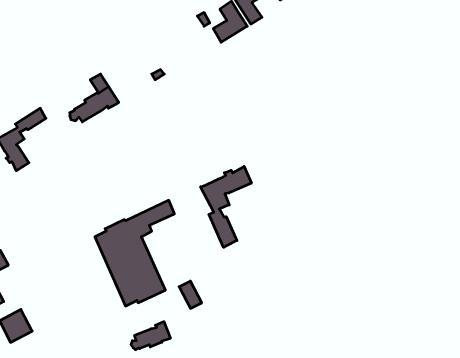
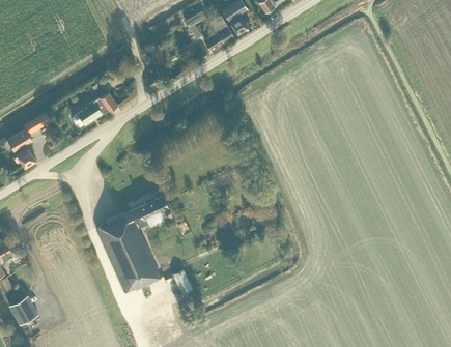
building: [201,166,251,247] -> none
building: [131,322,170,350] -> none

